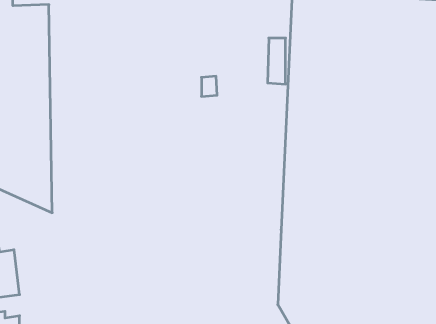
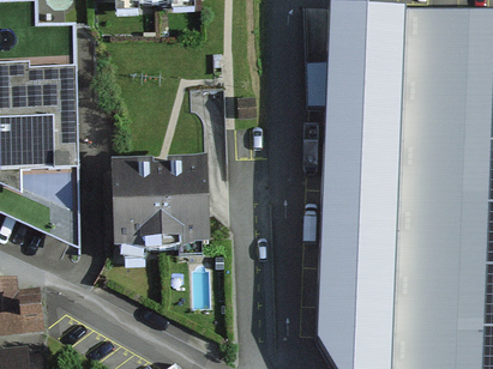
building: none -> [110,159,209,258]

